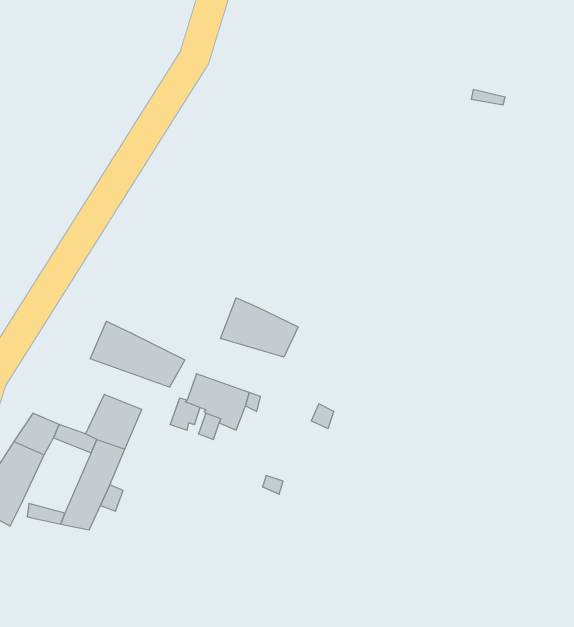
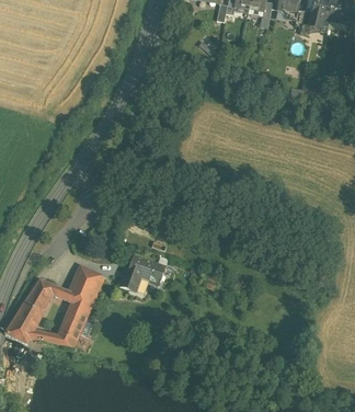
building: [220,298,298,357] -> none
building: [90,321,185,387] -> none

